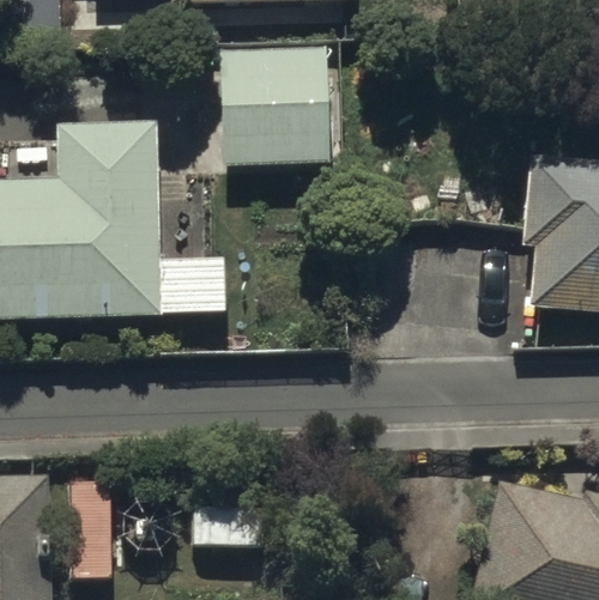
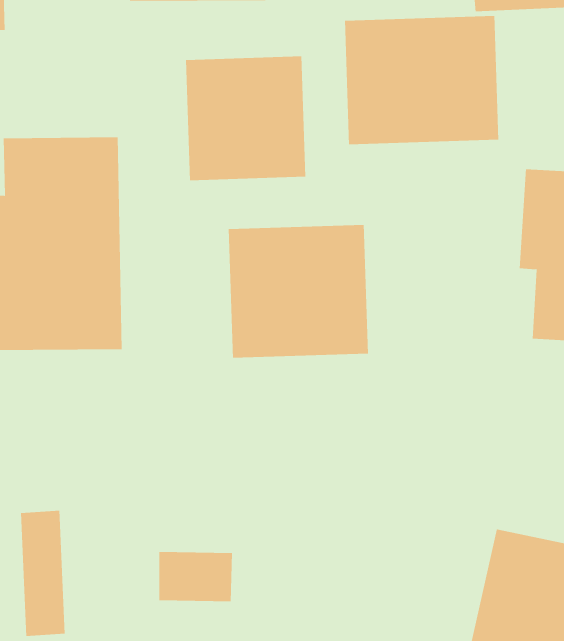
building: none -> [344,15,499,145]
building: none -> [228,224,369,358]

